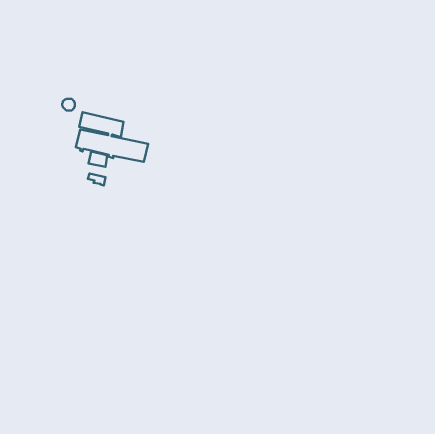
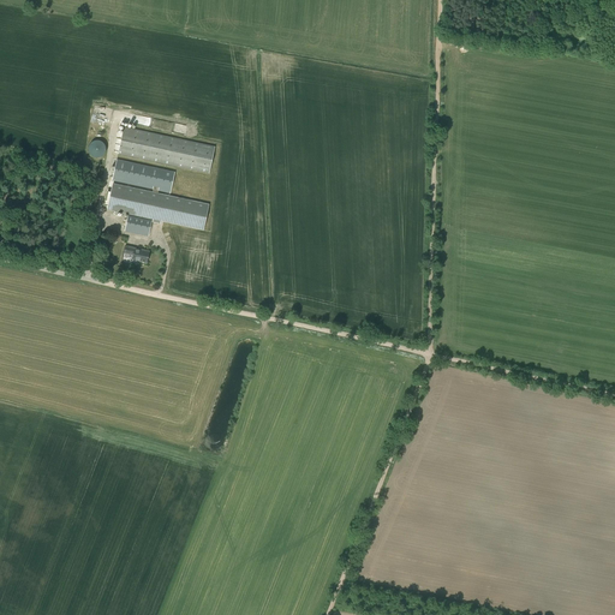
building: none -> [118,126,215,173]

